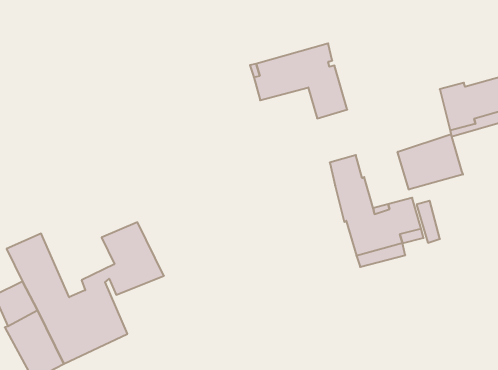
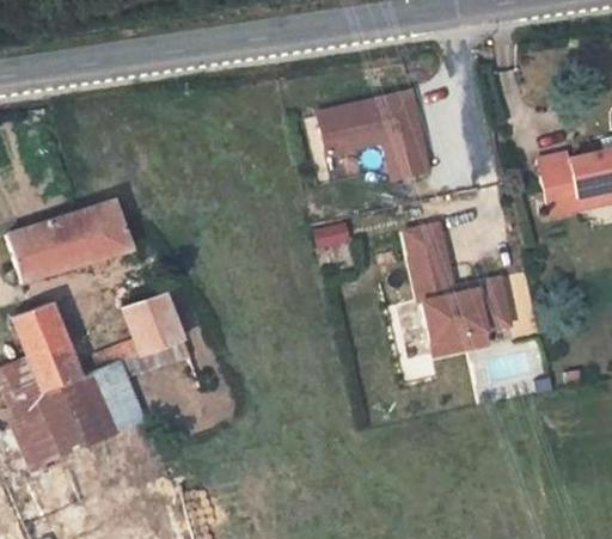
building: [398,134,463,190] -> none
building: none -> [20,196,149,286]

